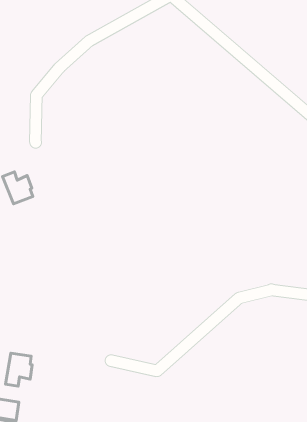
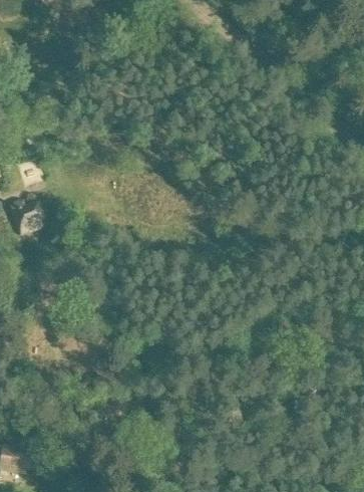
building: [6,353,32,386] -> none

